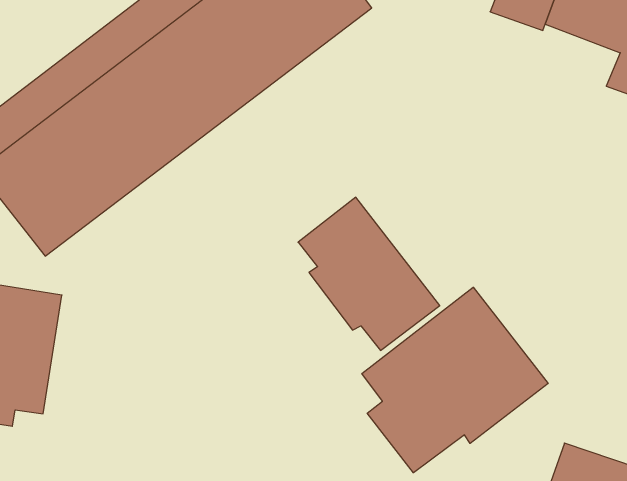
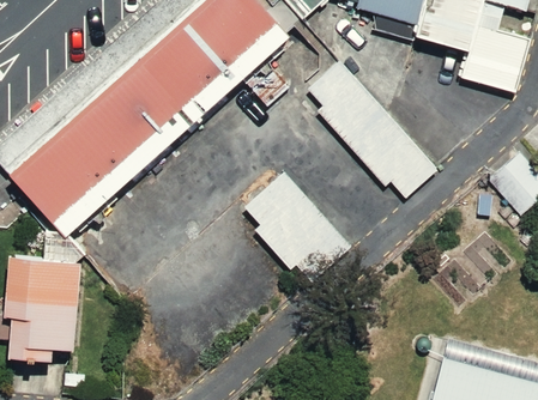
building: none -> [309,60,440,199]
building: [362,287,548,473] -> none

